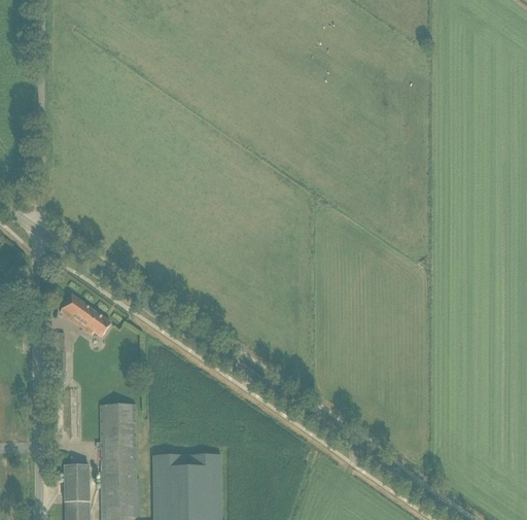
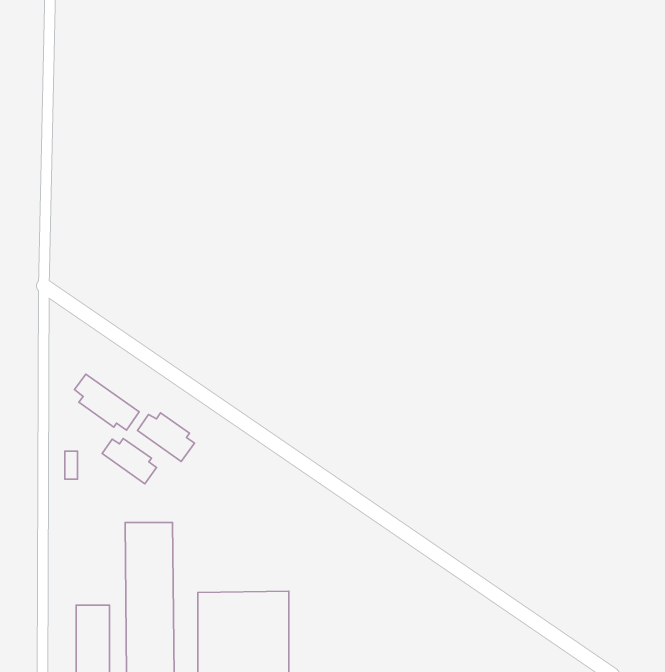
building: none -> [137,413,194,462]
building: none -> [102,438,157,484]

